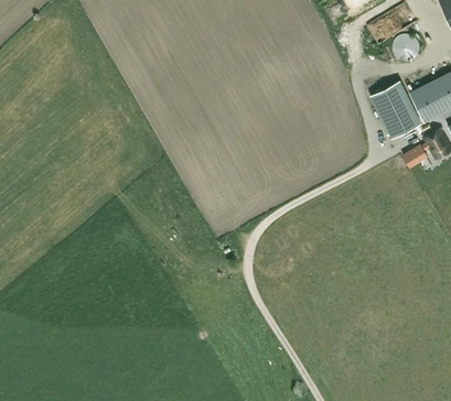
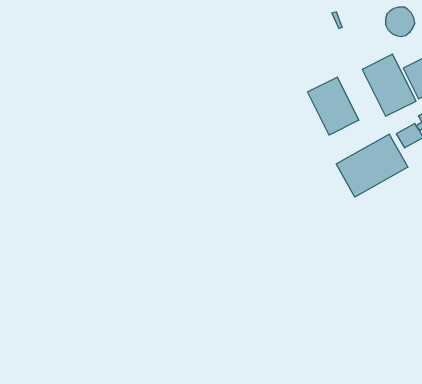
building: none -> [308,77,359,135]
building: none -> [336,134,408,197]

